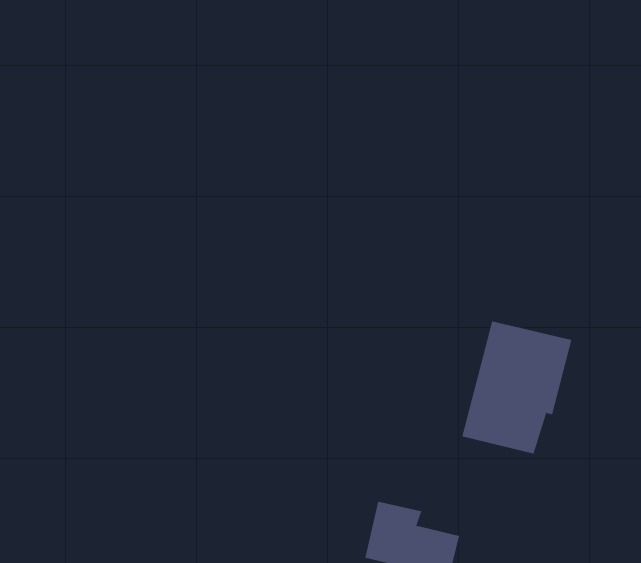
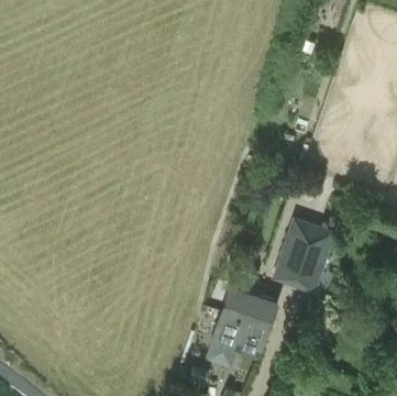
building: none -> [221,268,276,338]

